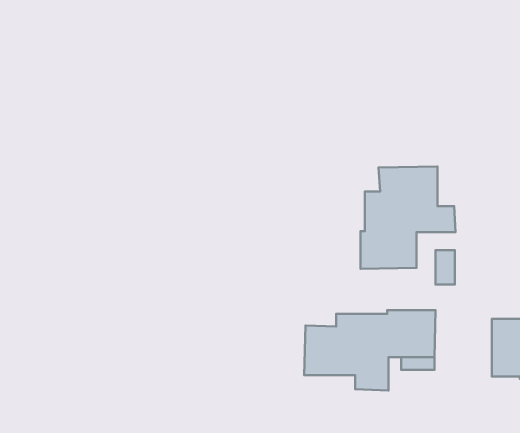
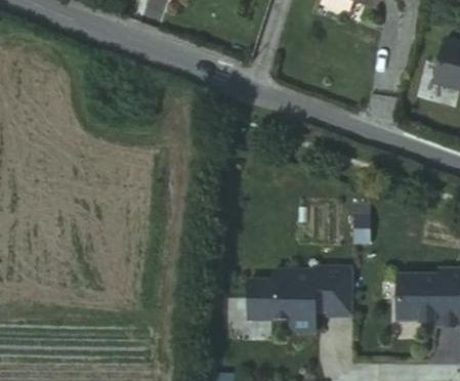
building: [360,167,456,269] -> none

